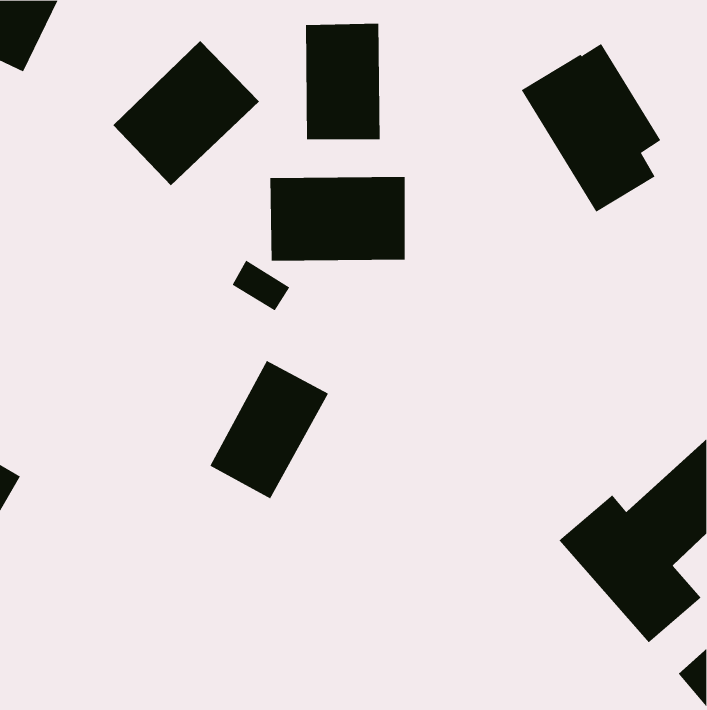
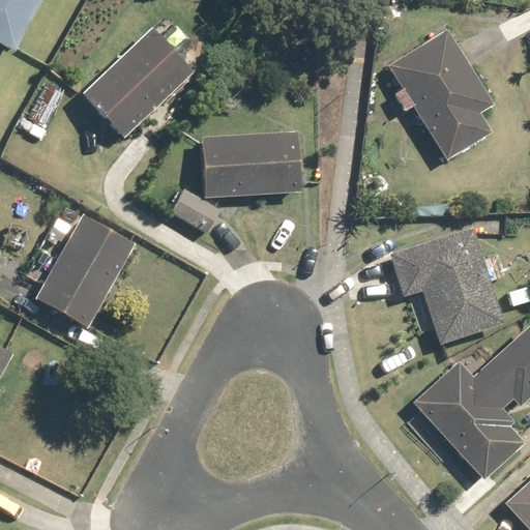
building: [305,23,380,140] -> none
building: none -> [389,230,502,343]
building: [210,360,329,499] -> [43,218,132,322]

